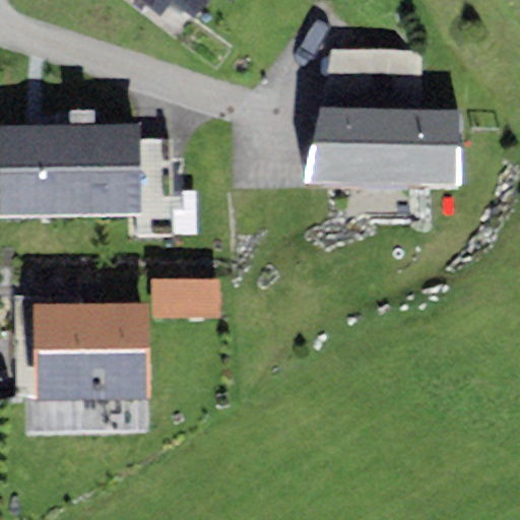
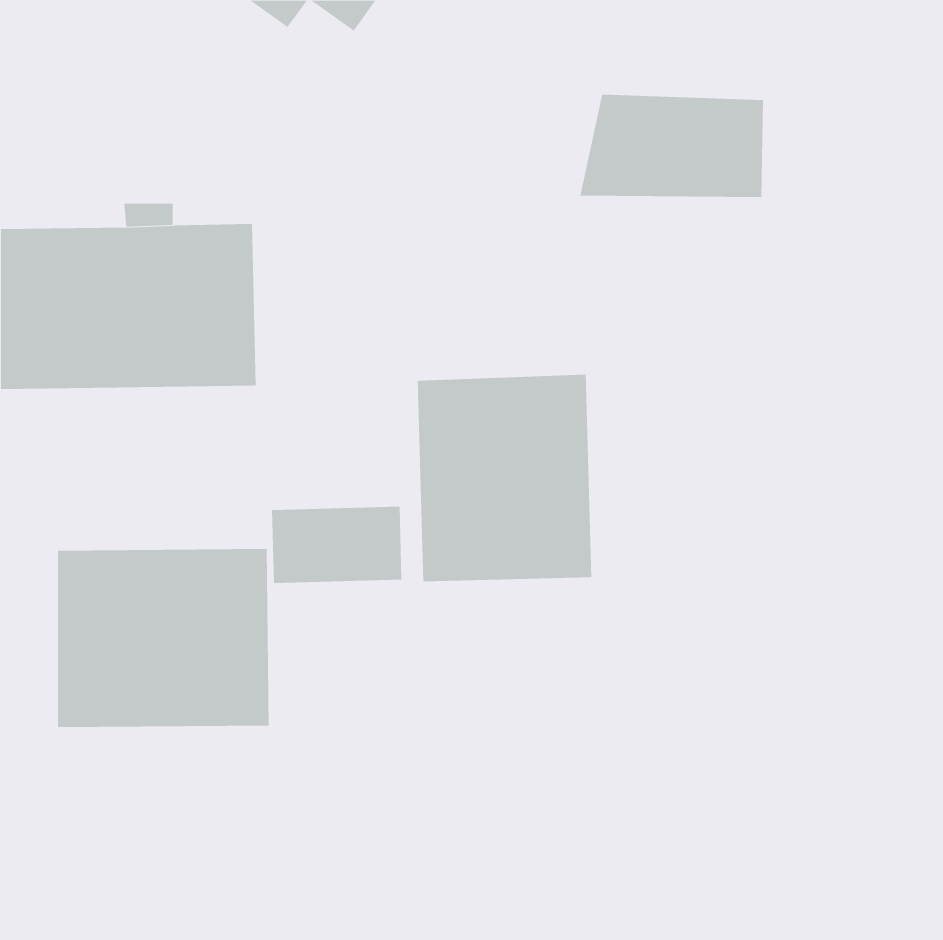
building: [304,110,457,187] -> none
building: none -> [417,374,592,582]

